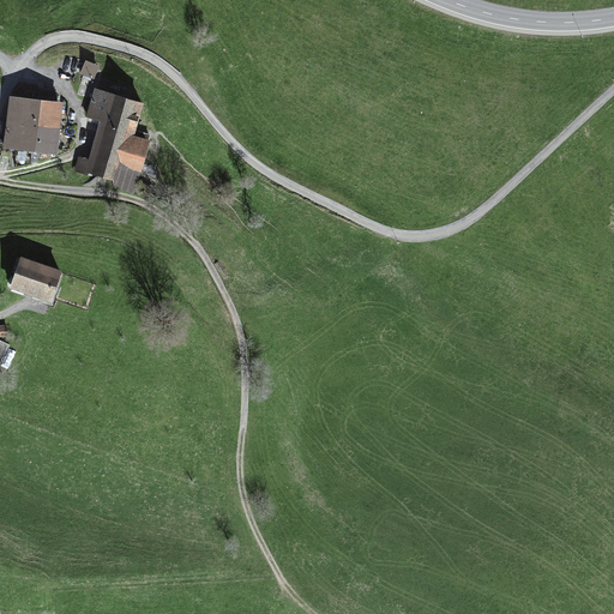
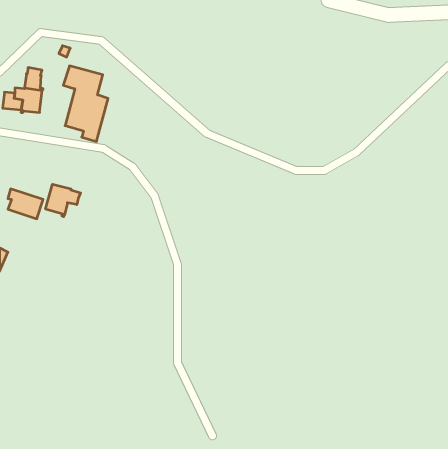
building: [6,91,36,127] -> none
building: none -> [46,184,81,217]

